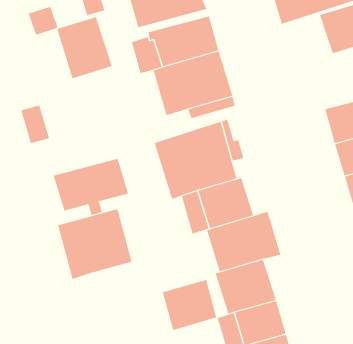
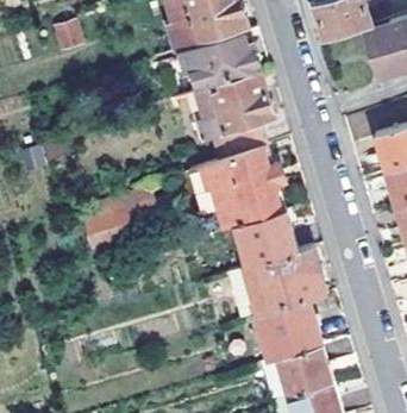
building: [57,16,113,79] -> none
building: [57,208,132,280] -> none
building: [162,279,217,331] -> none

